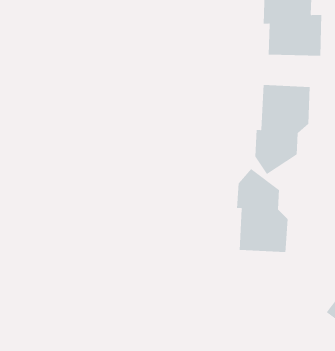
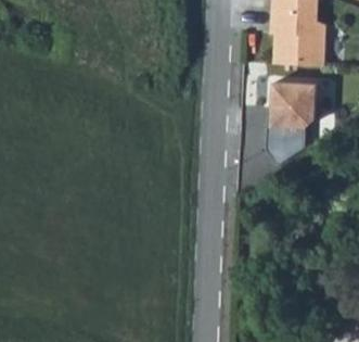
building: [237,168,288,253] -> none

